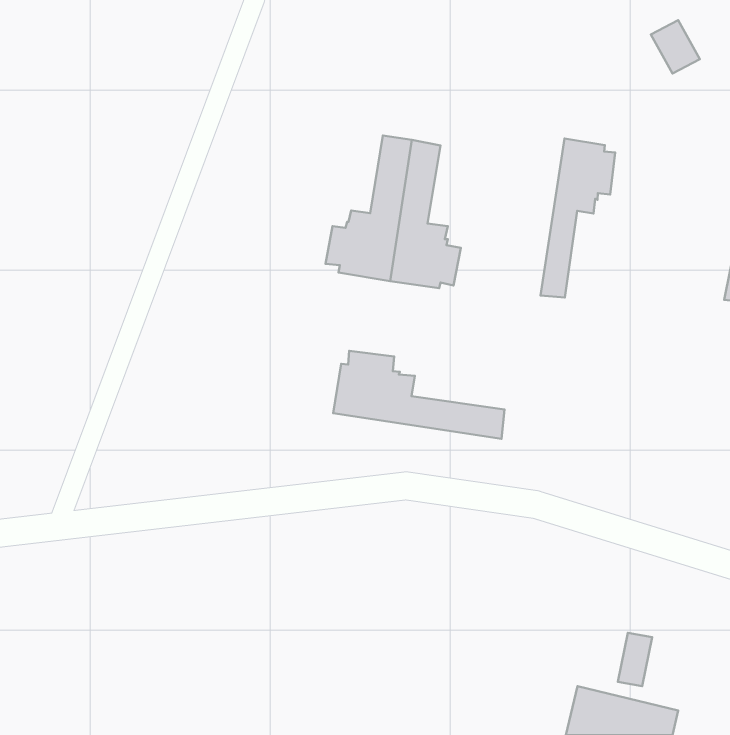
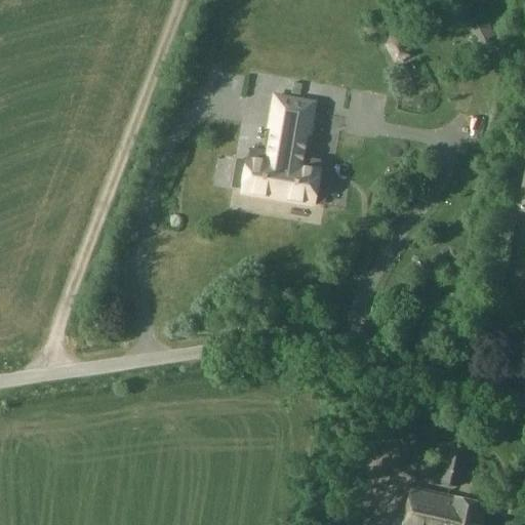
building: [541,139,615,298] -> none
building: [333,351,505,439] -> none

